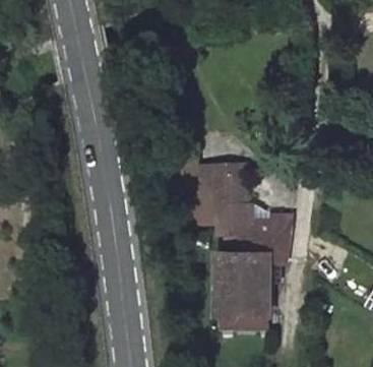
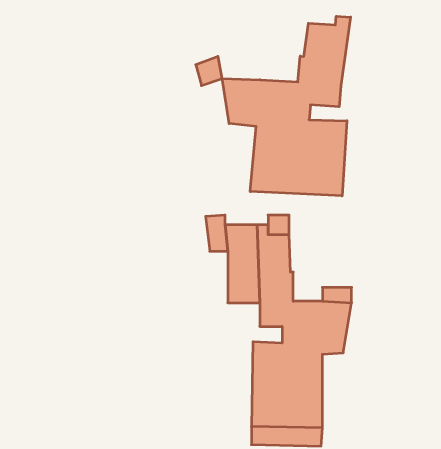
building: none -> [222,16,351,196]

